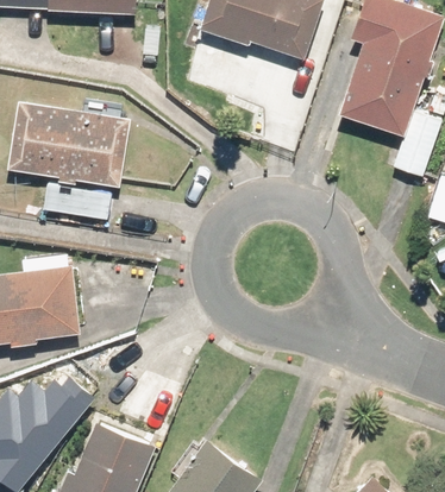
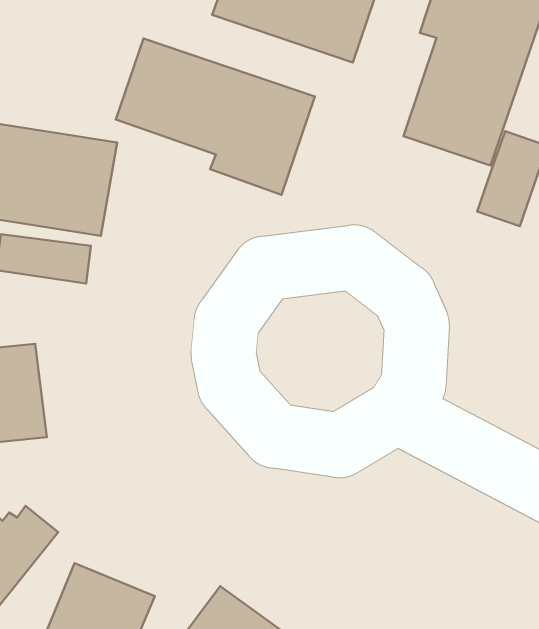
building: none -> [116,38,315,195]

